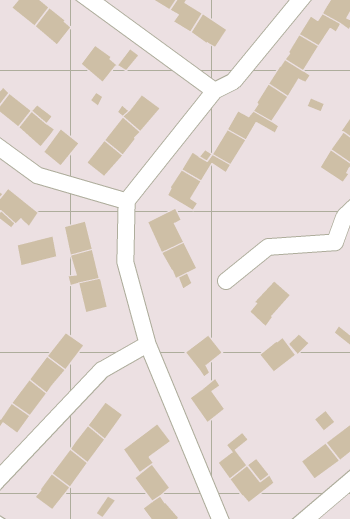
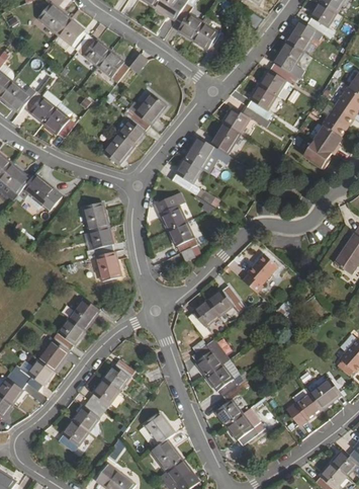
building: none -> [77,35,109,67]
building: [43,128,79,166] -> none
building: [17,236,57,266] -> none
building: [259,337,296,372] -> [207,286,239,316]
building: none -> [206,364,237,396]
building: [123,423,171,473] -> none

